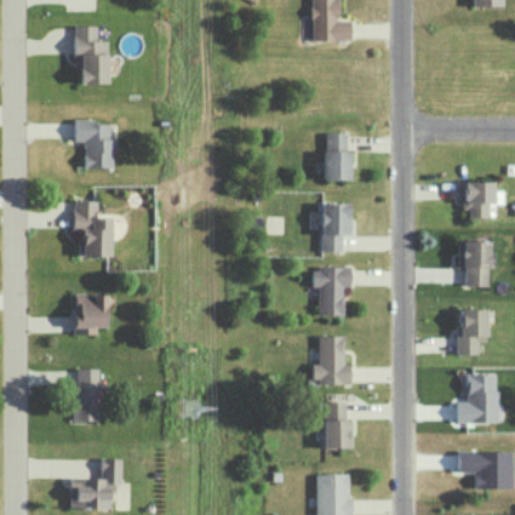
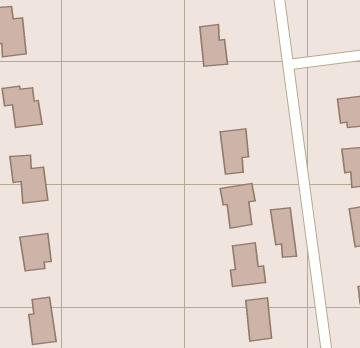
building: [325,133,353,181] -> [200,25,228,66]
building: none -> [271,208,296,257]

